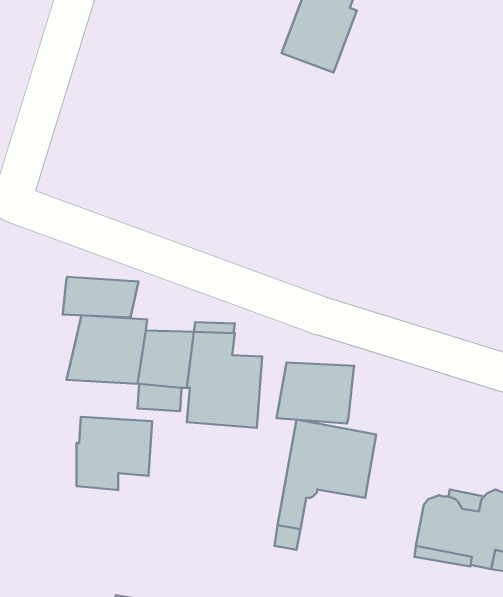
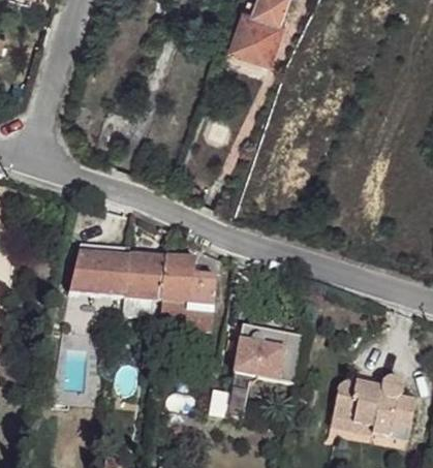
building: [62,277,138,317] -> none
building: [277,363,354,423] -> none
building: [76,417,152,490] -> none

